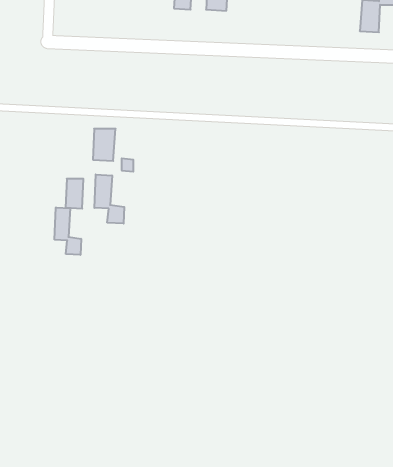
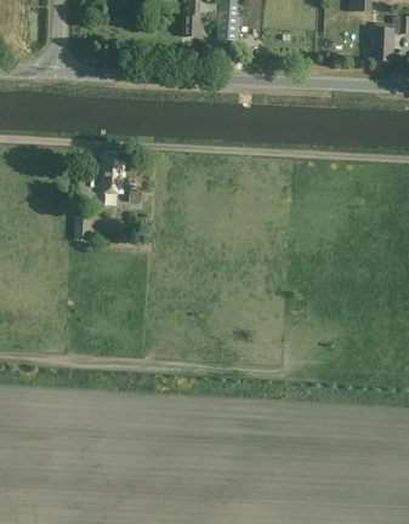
building: [94,174,124,224] -> none
building: [55,207,81,255] -> none

